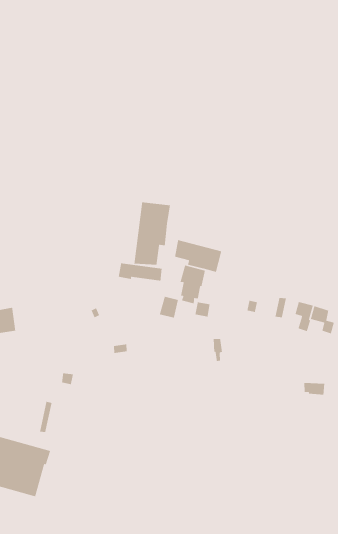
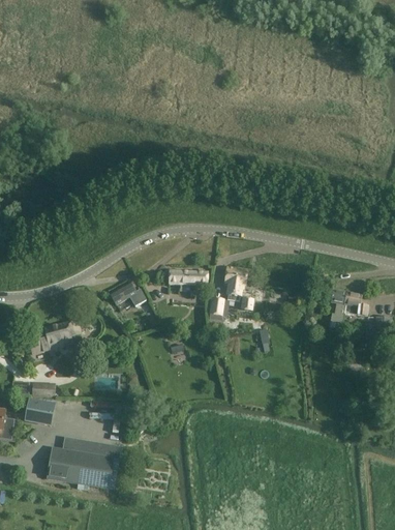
building: [134,201,171,266] -> none
building: [174,239,222,273] -> none
building: none -> [110,283,146,311]

